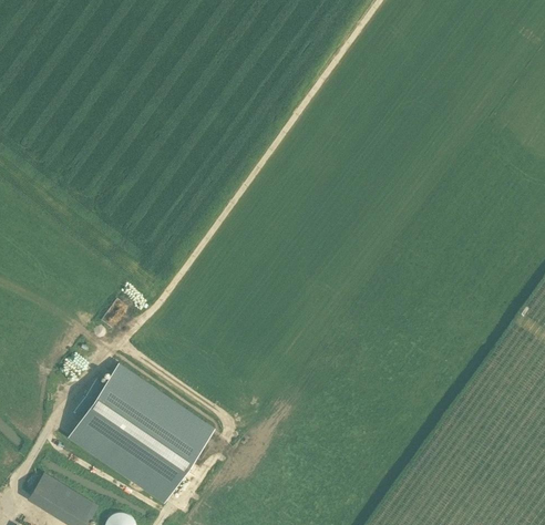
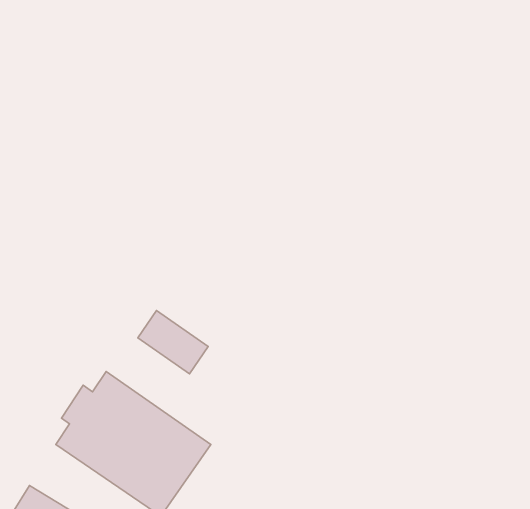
building: none -> [138,311,208,374]

